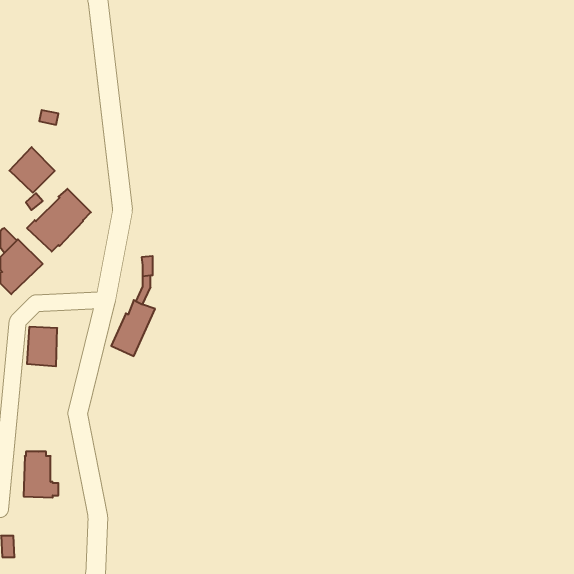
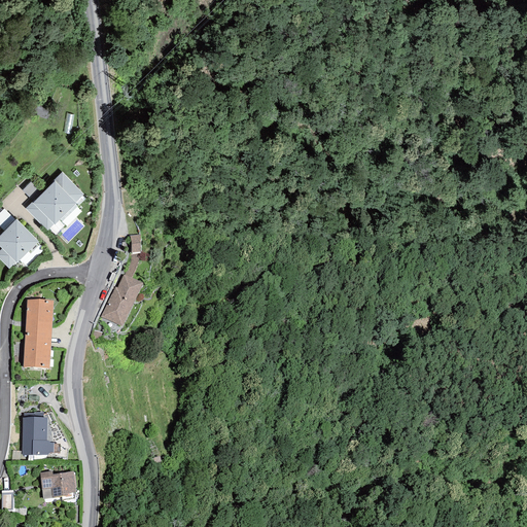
building: [9,147,55,193] -> none
building: none -> [24,333,51,368]
building: none -> [39,471,76,499]

